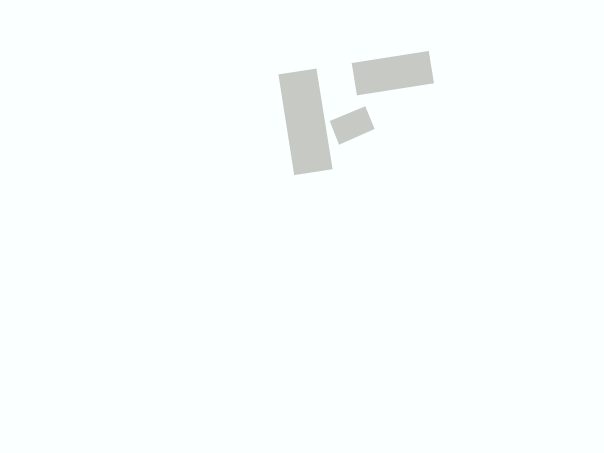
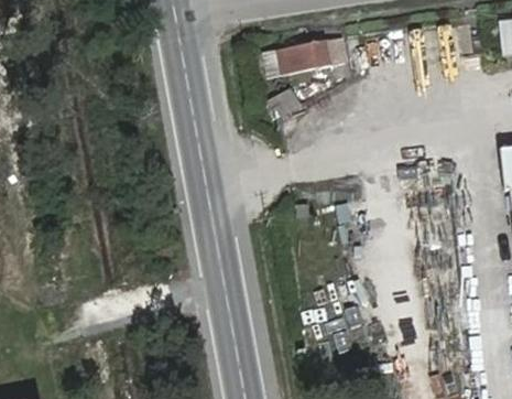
building: [278,68,333,176] -> none

